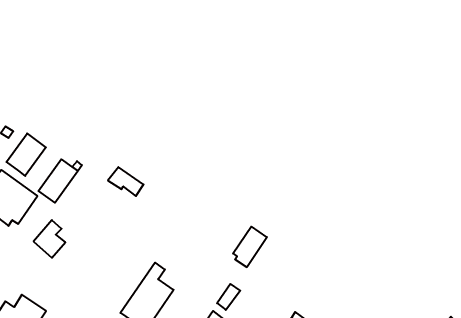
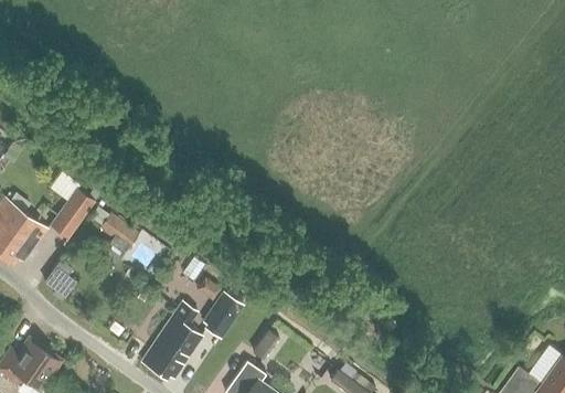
building: [6,133,46,176] -> none
building: [108,167,144,196] -> [98,214,139,247]
building: [233,227,267,267] -> [203,295,242,341]

